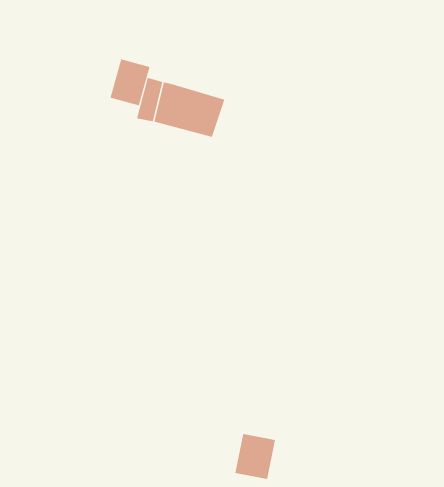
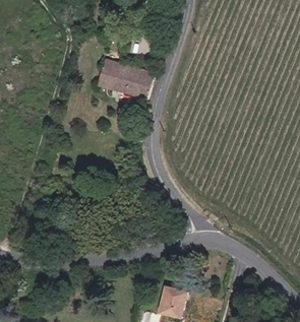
building: [110,58,150,106] -> none

